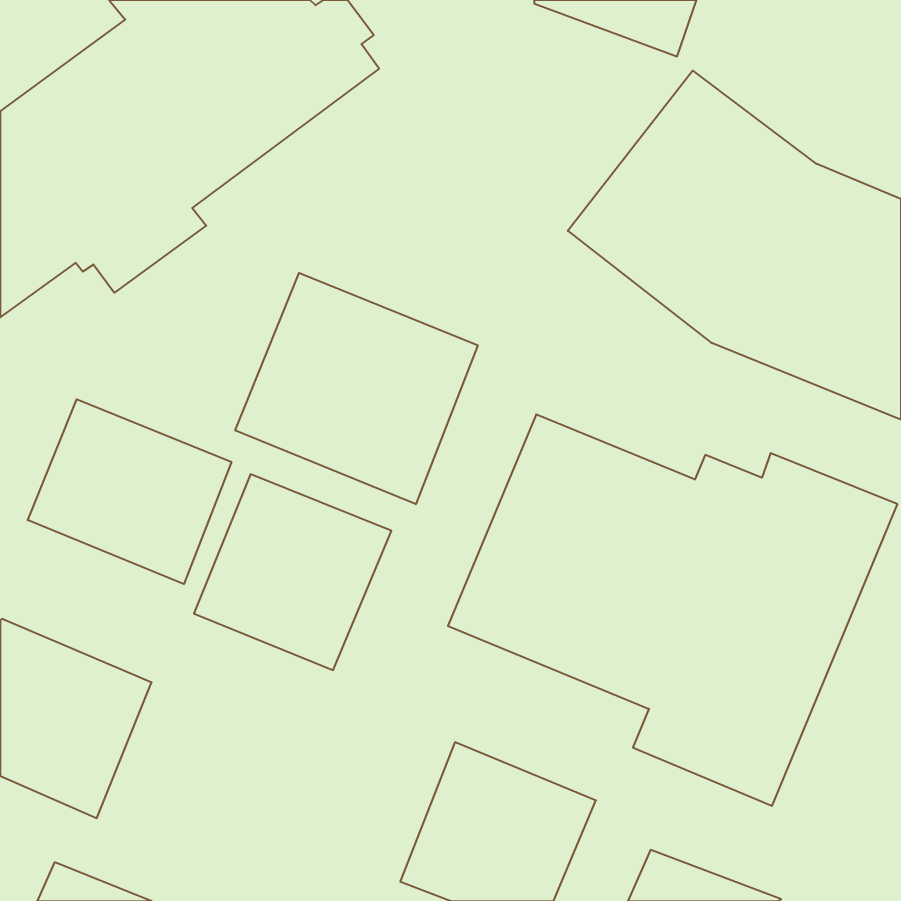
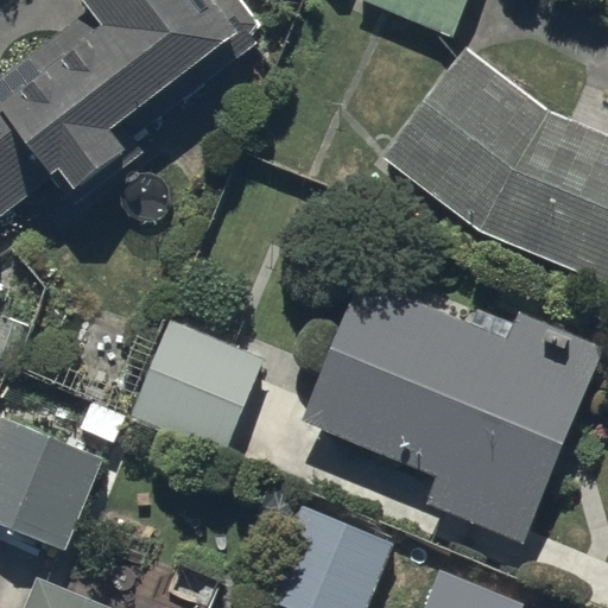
building: [235,273,478,504] -> none
building: [28,399,231,584] -> none

